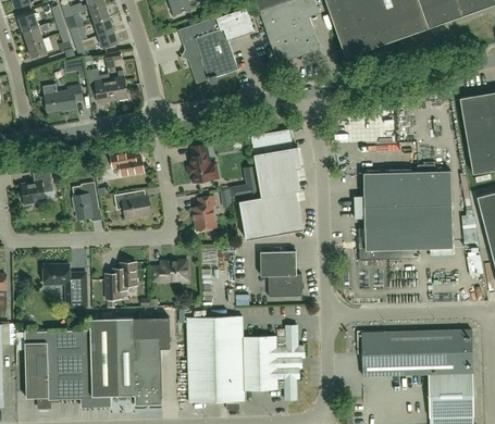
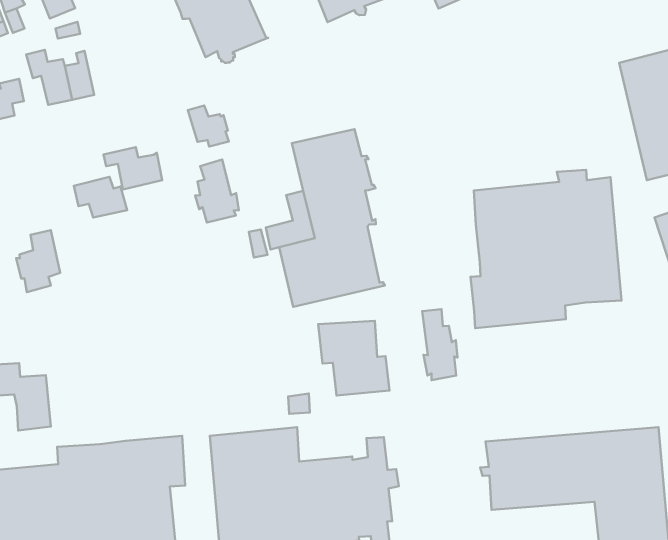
building: none -> [188,105,229,147]
building: [114,191,150,217] -> [104,147,162,189]
building: [191,196,215,230] -> none
building: none -> [422,309,457,380]
building: [106,260,136,298] -> none
building: [152,261,187,282] -> none

